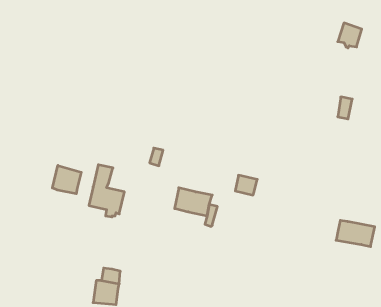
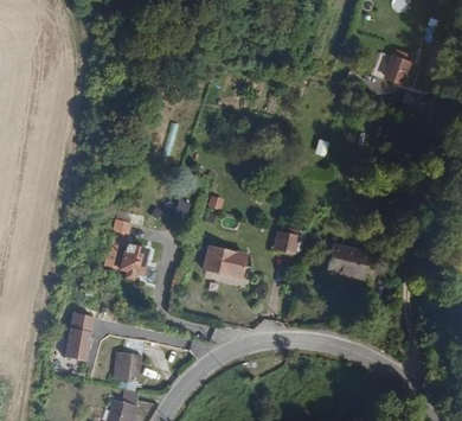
building: [52,165,81,194] -> none
building: [336,220,375,247] -> [326,245,370,275]
building: none -> [65,311,94,359]

